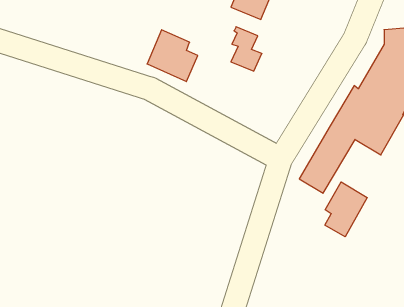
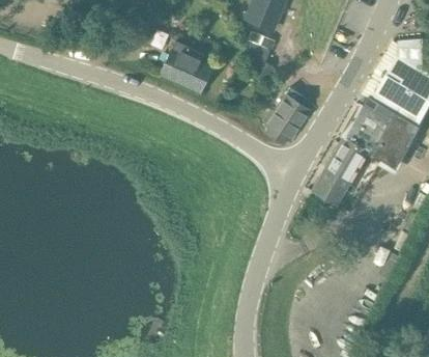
building: none -> [265,89,310,142]
building: [325,182,367,237] -> none

